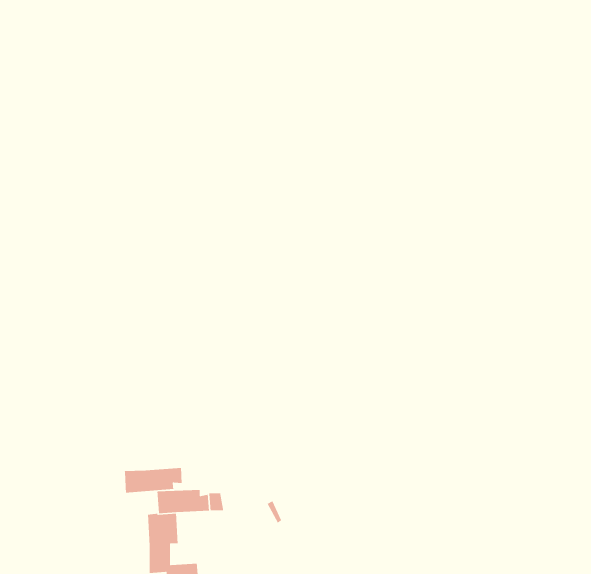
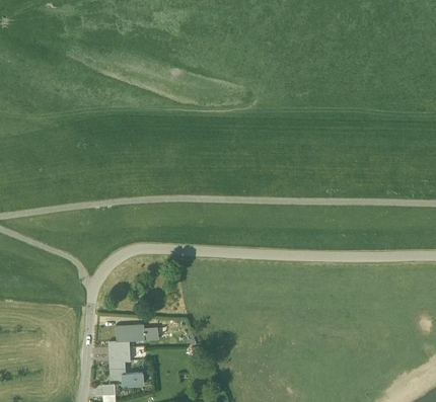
building: [124,467,182,493] -> none

